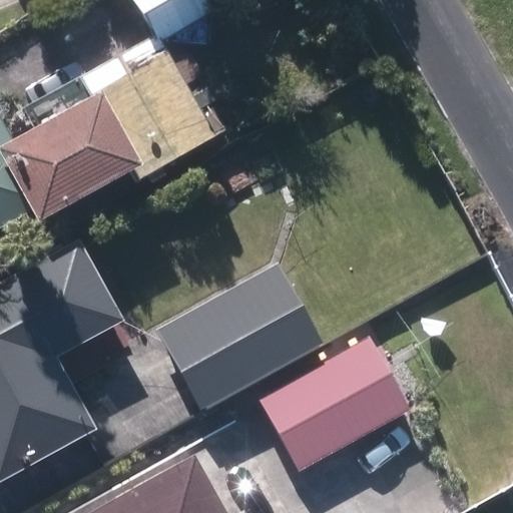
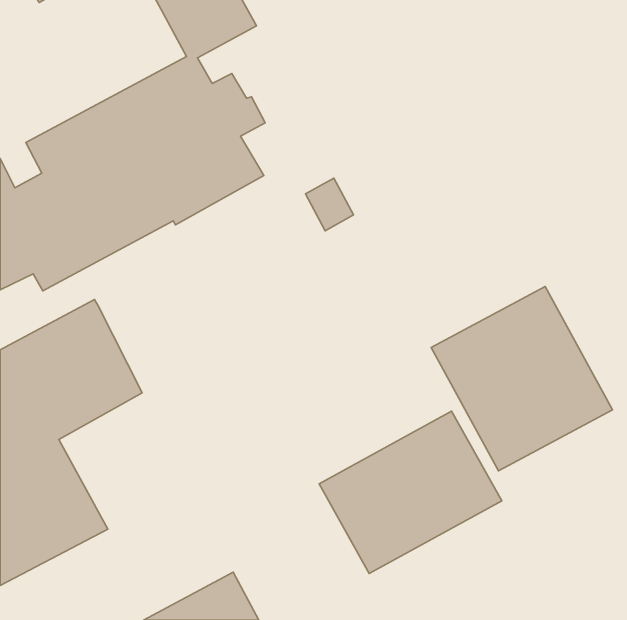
building: none -> [431,286,612,471]
building: [103,263,323,427] -> none

